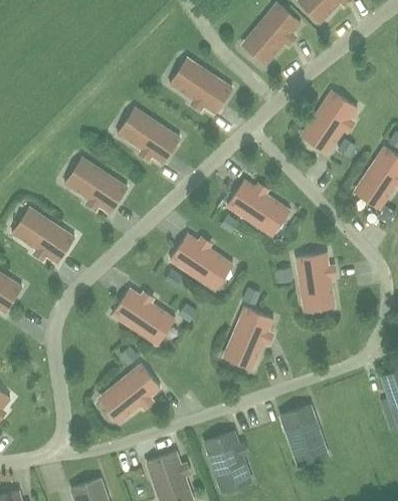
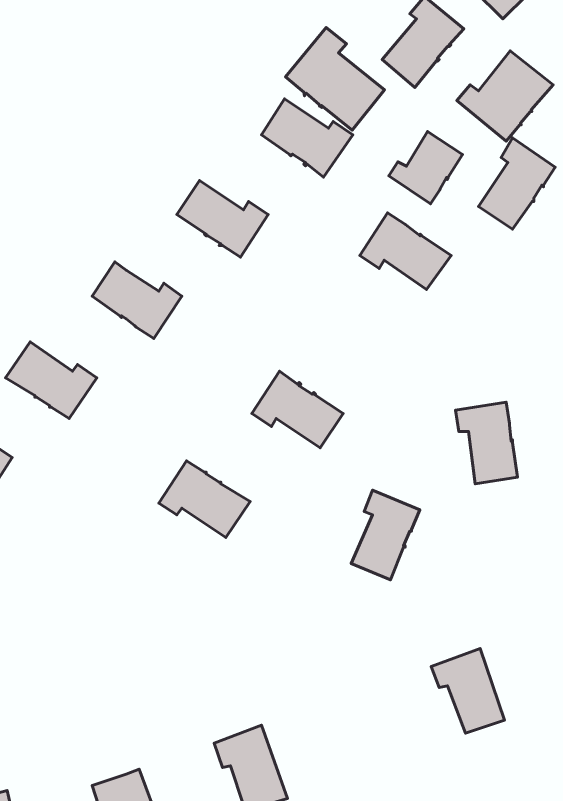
building: none -> [286,27,385,130]
building: none -> [457,51,553,141]
building: none -> [389,131,463,204]
building: [226,180,282,227] -> [360,213,451,290]
building: [107,364,160,418] -> none
building: [204,432,248,484] -> none

